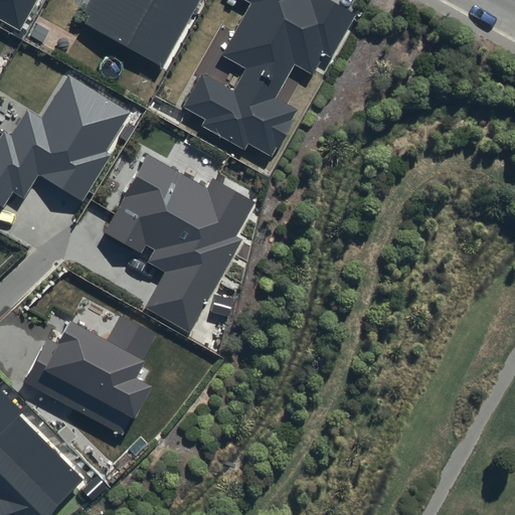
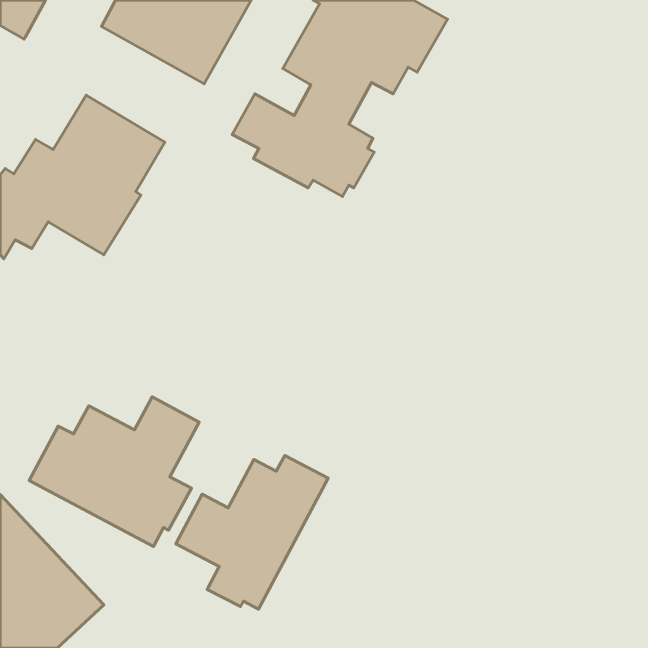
building: [102,152,259,326] -> none
building: none -> [176,455,328,609]

